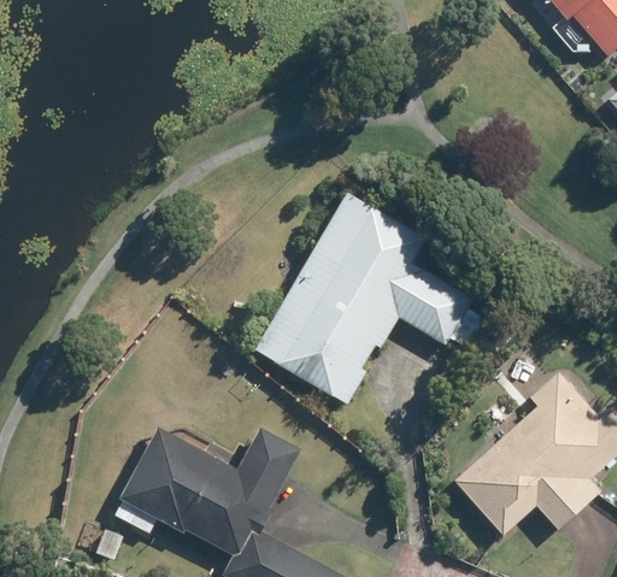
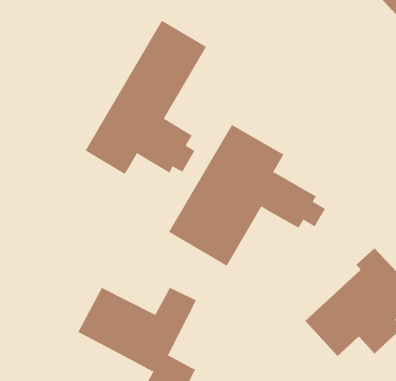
building: none -> [85,20,207,175]

